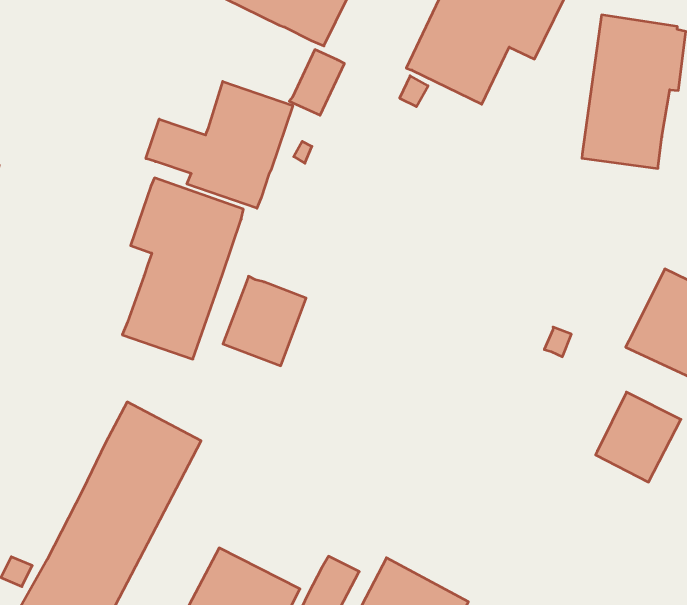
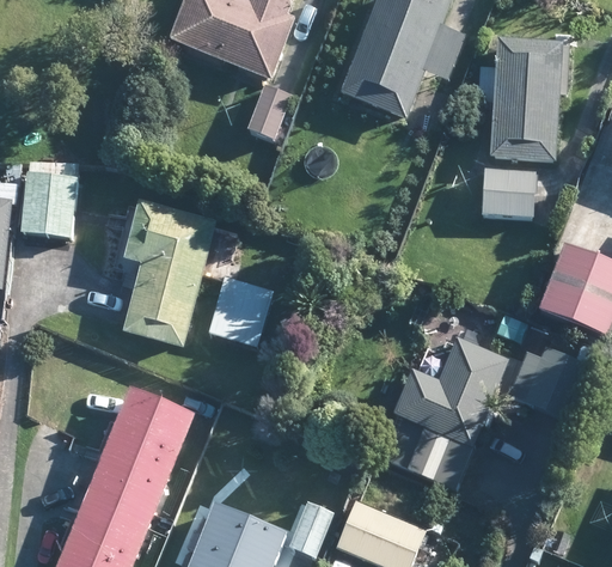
building: [146,81,293,208] -> none
building: none -> [19,159,75,237]
building: none -> [481,169,534,217]
building: none -> [384,334,508,488]

